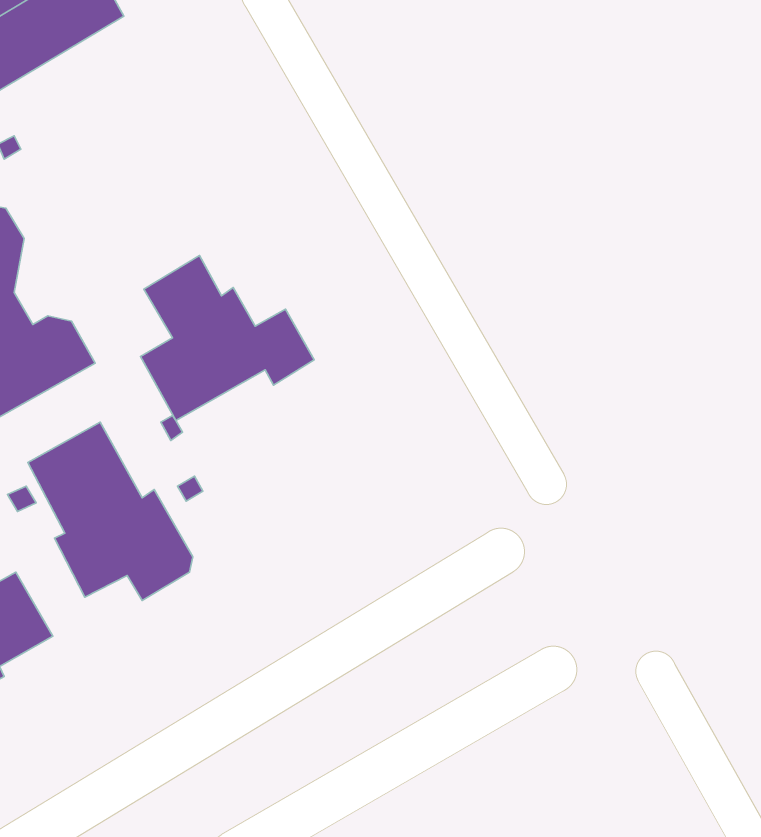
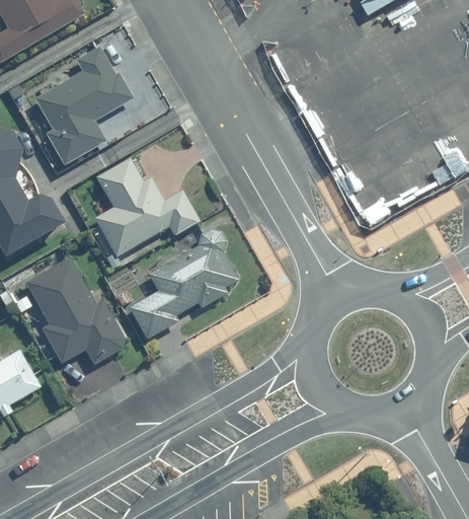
building: none -> [34,46,133,165]
building: none -> [129,227,239,339]

